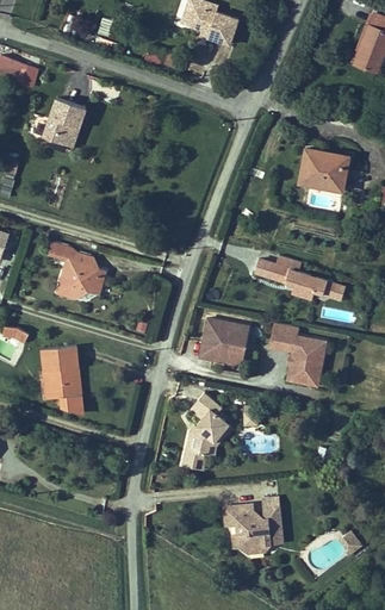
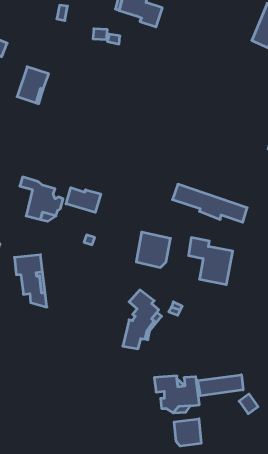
building: [299,149,348,191] -> none
building: none -> [66,188,101,212]
building: none -> [198,375,243,396]
building: none -> [174,419,201,446]

